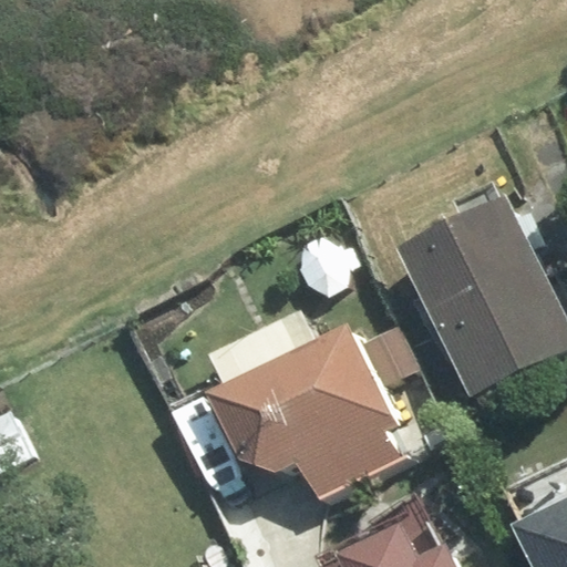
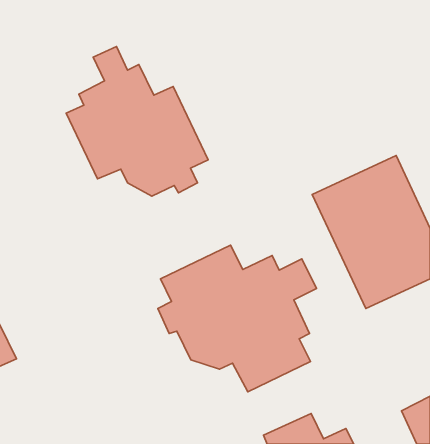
building: none -> [66,46,208,196]

